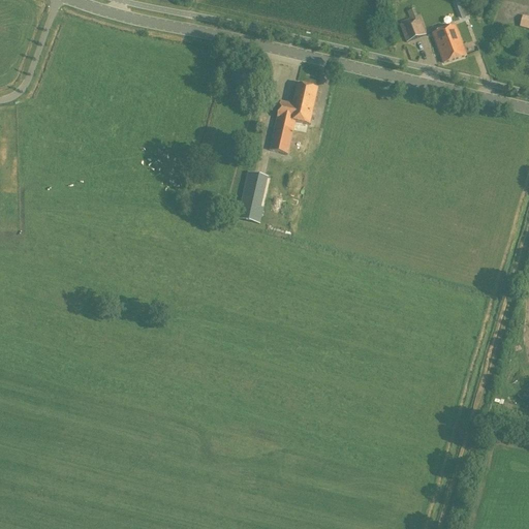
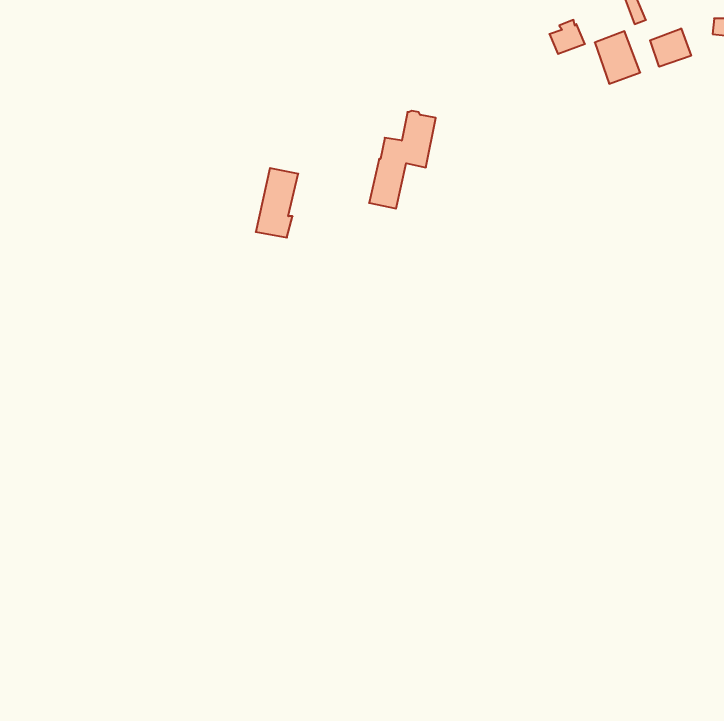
building: none -> [650,28,691,67]
building: [239,172,270,222] -> [256,168,298,238]

